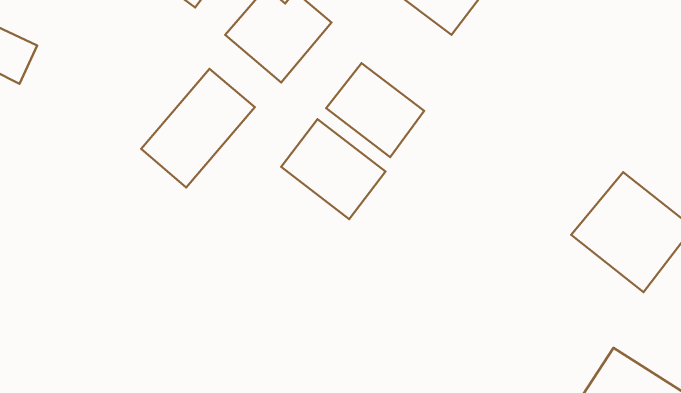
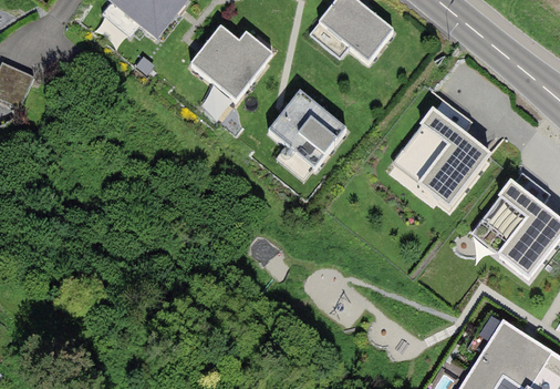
building: [141,69,255,187] -> none
building: none -> [390,104,489,203]
building: [281,119,386,219] -> none

